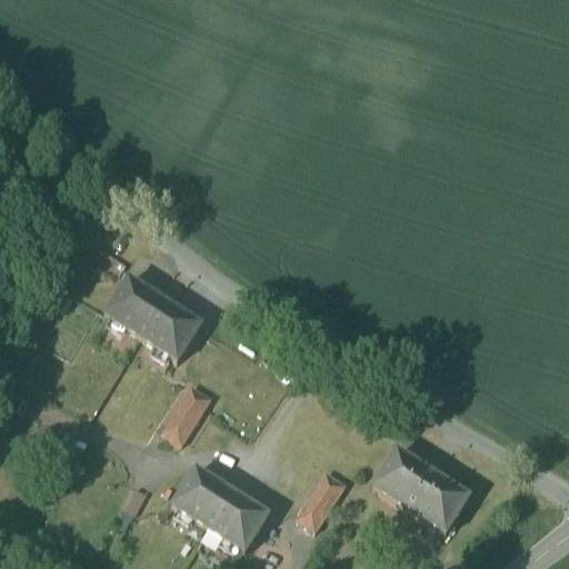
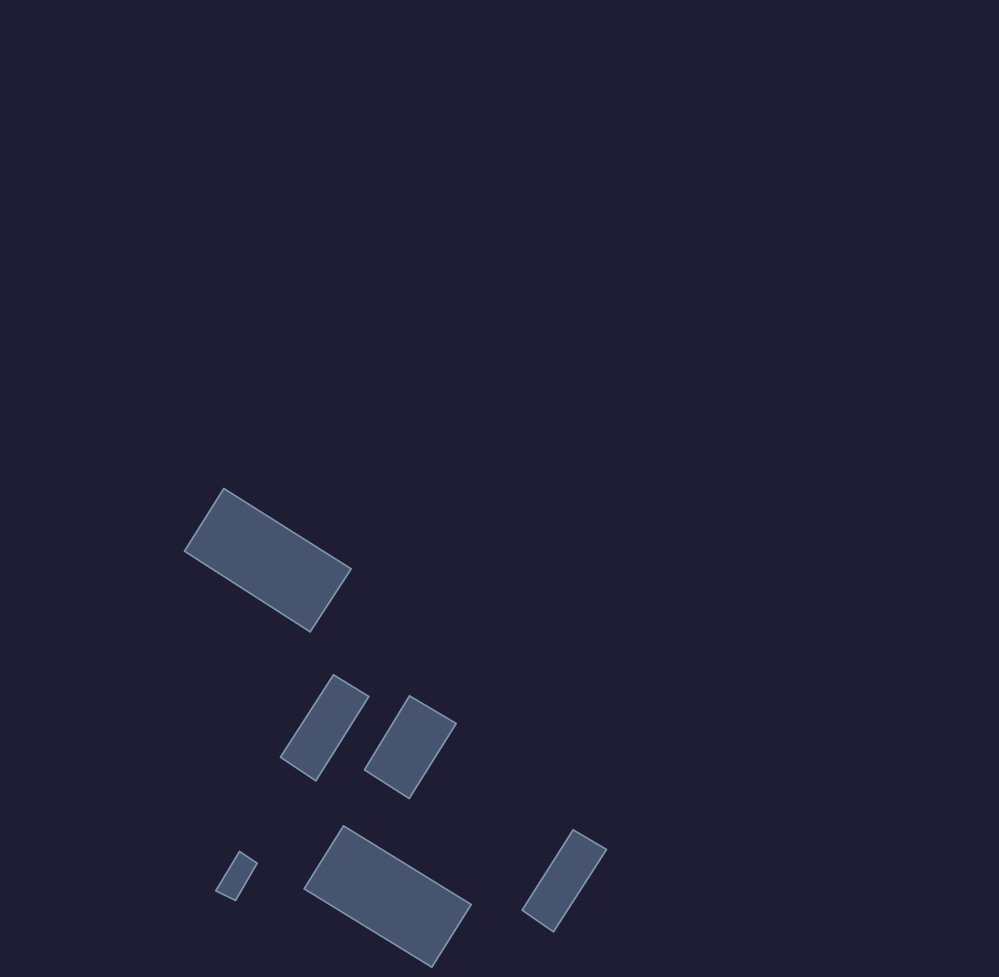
building: none -> [365,696,456,798]
building: [376,447,469,528] -> none

